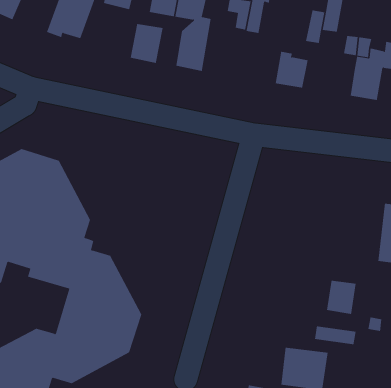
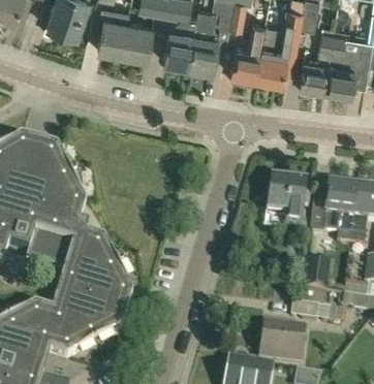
building: none -> [189,12,219,71]
building: none -> [98,19,128,55]
building: none -> [230,25,266,83]
building: none -> [300,60,330,93]
building: none -> [268,178,308,231]
building: none -> [324,185,357,243]

